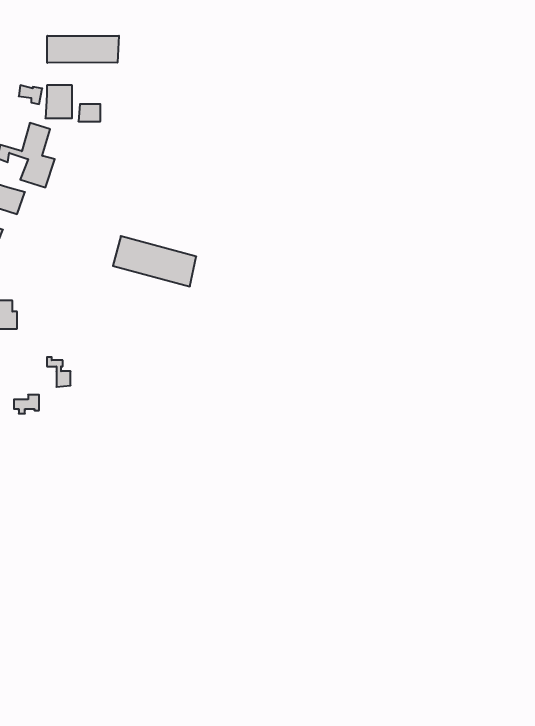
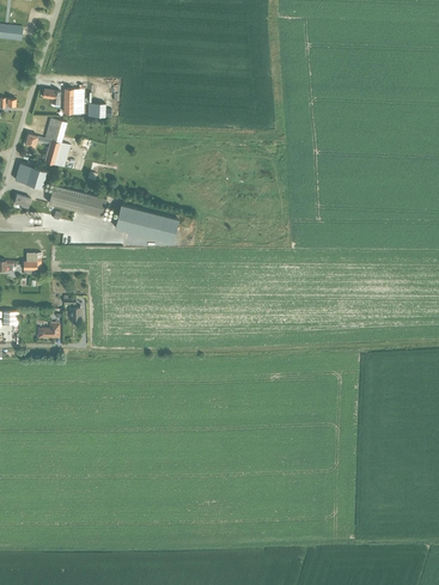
building: [47,36,119,63] -> none
building: none -> [48,184,105,217]

